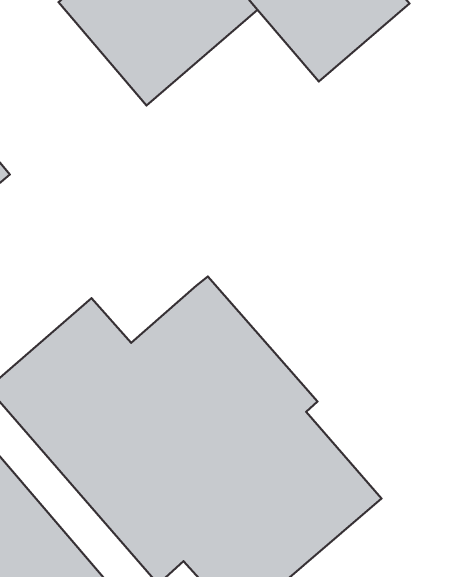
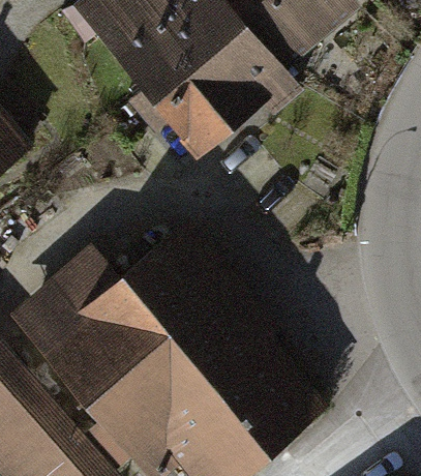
building: none -> [123,9,289,161]

